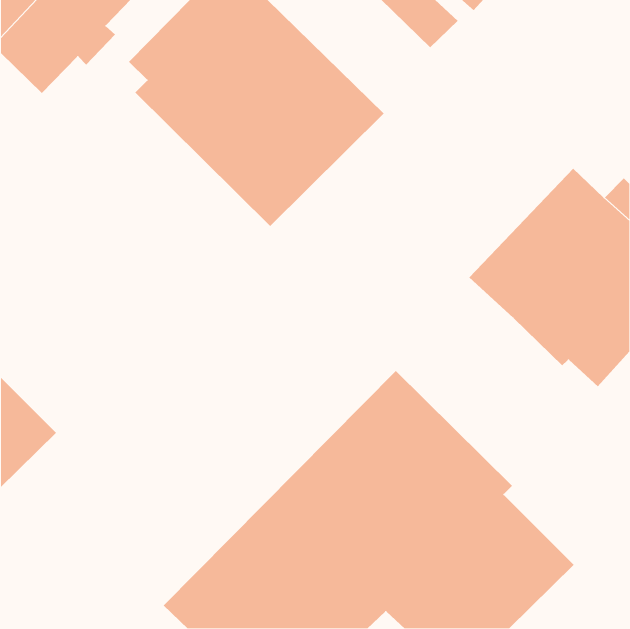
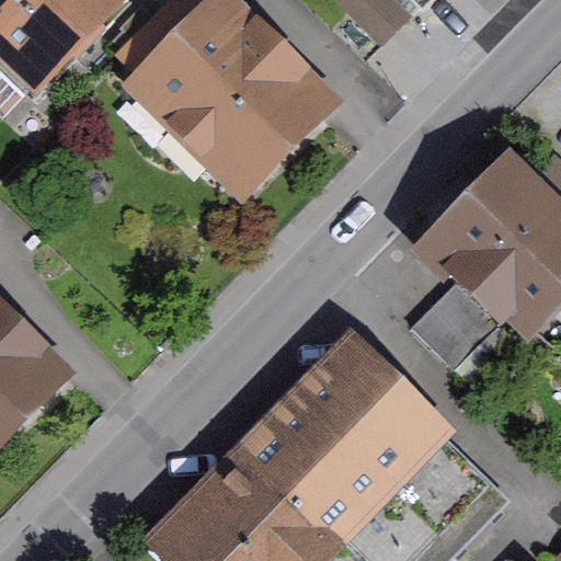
building: none -> [411,283,500,371]

